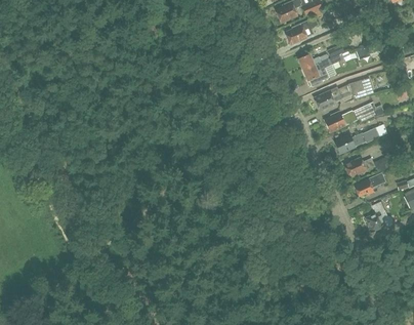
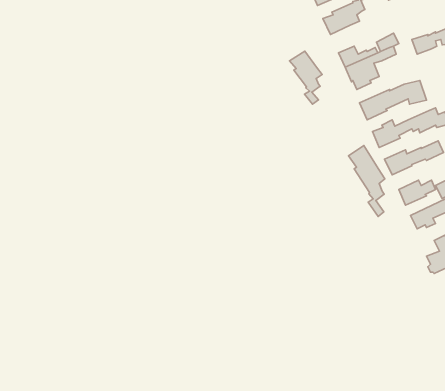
building: none -> [290,51,322,104]
building: none -> [349,146,385,217]

